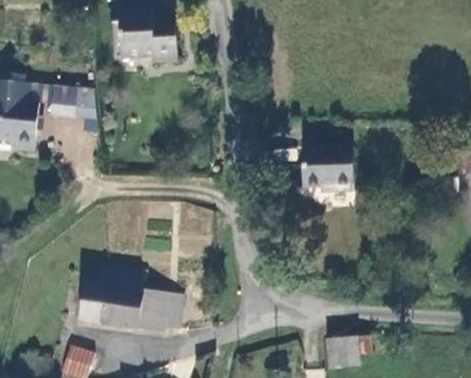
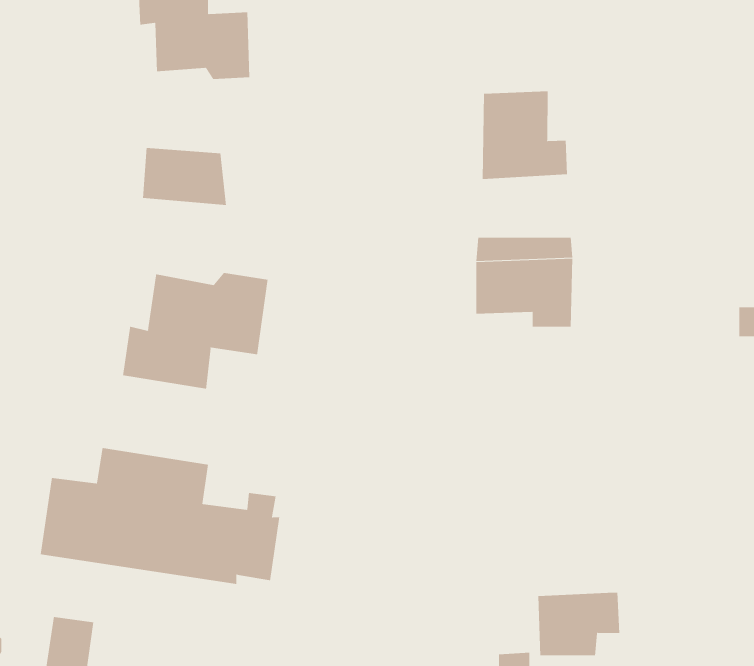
building: none -> [482,91,568,180]
building: [49,92,94,123] -> [142,147,227,206]
building: none -> [122,272,268,389]

